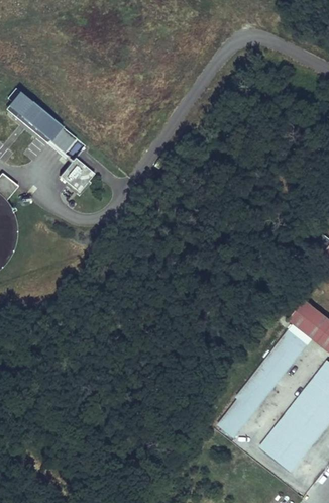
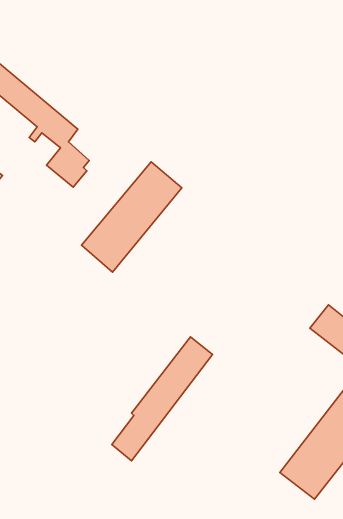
building: none -> [82,162,182,272]
building: [219,328,307,436] -> [112,337,212,461]

